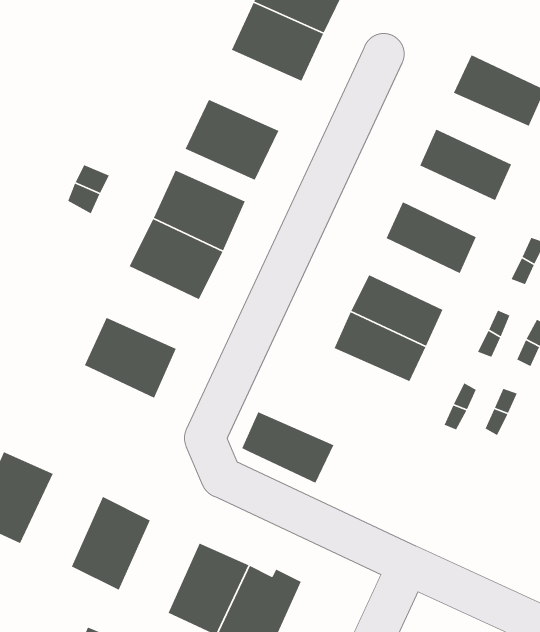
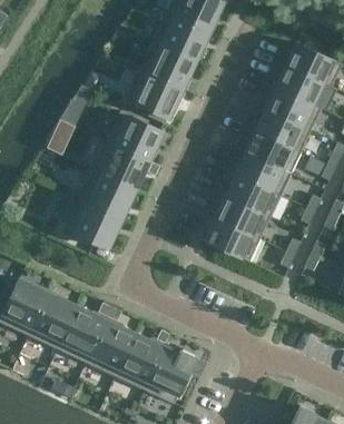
building: none -> [140,40,196,88]
building: none -> [276,66,332,108]
building: none -> [256,109,312,151]
building: none -> [236,152,291,195]
building: none -> [79,169,135,218]
building: [241,411,334,484] -> [205,218,261,262]
building: none -> [28,293,77,348]
building: none -> [87,321,135,376]

